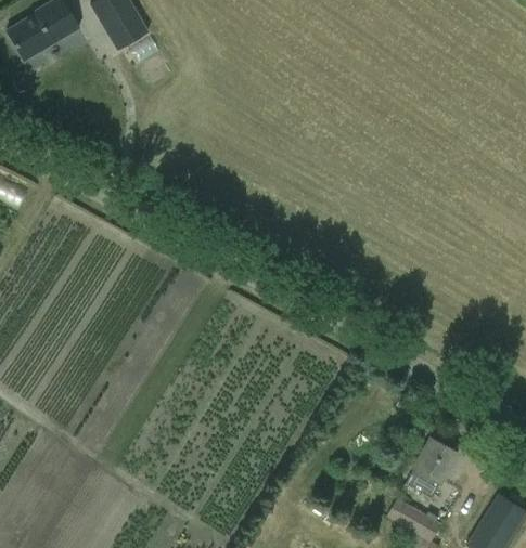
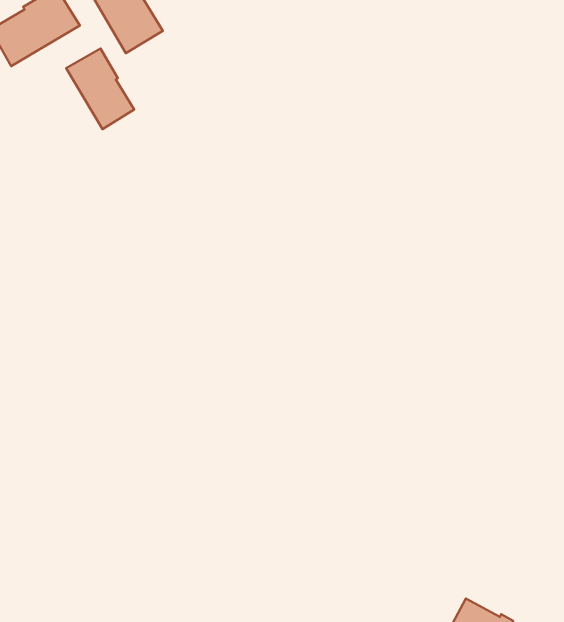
building: none -> [66,49,134,129]
building: [409,439,458,497] -> none

